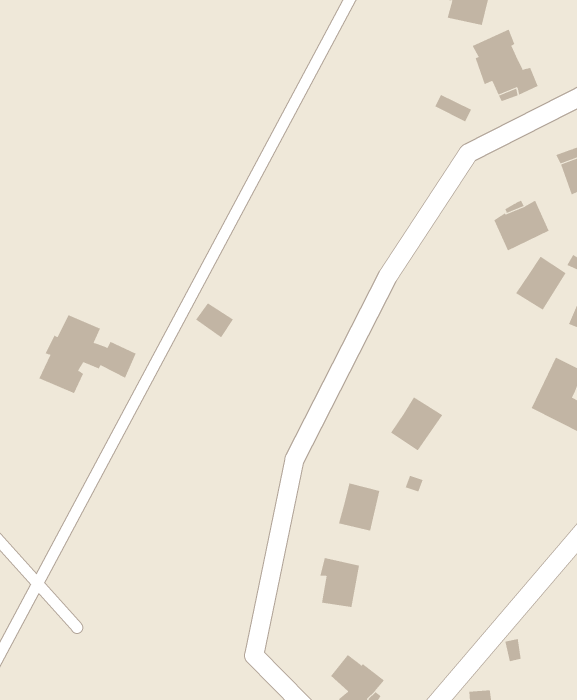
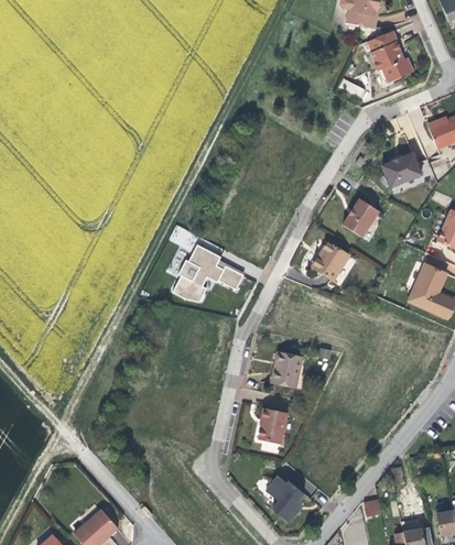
building: [515,256,567,310] -> [342,200,378,239]
building: [39,315,137,394] -> [175,247,245,303]
building: [390,397,443,451] -> [311,241,348,280]

